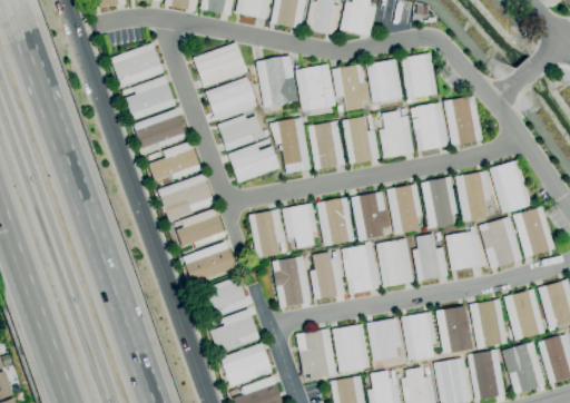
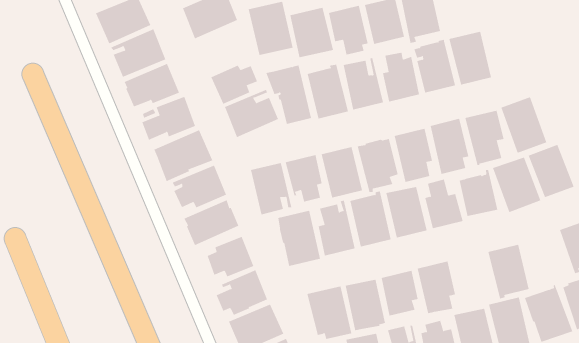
building: [205,77,255,120] -> none
building: [503,289,544,341] -> none
building: [435,306,472,354] -> none

